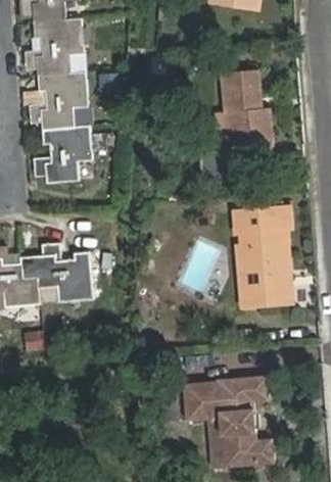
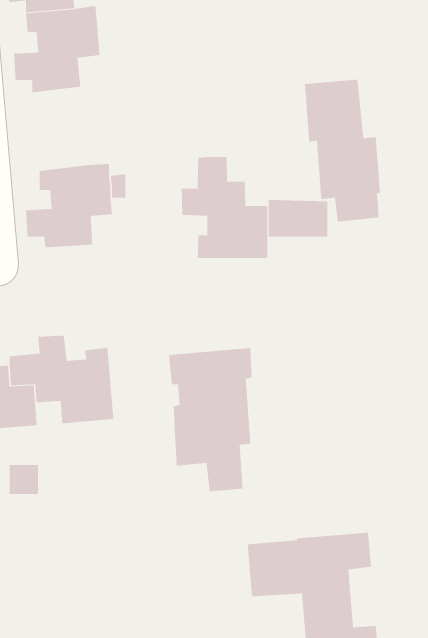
building: [29,73,88,131] -> none
building: none -> [181,156,268,259]
building: [233,207,290,305] -> [168,347,253,492]

